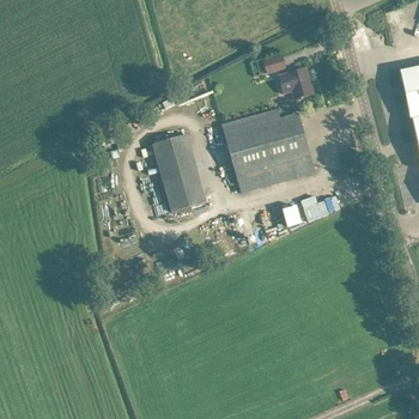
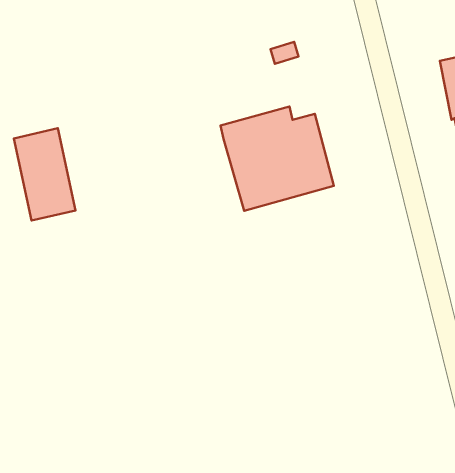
building: [278,66,314,98] -> none
building: [163,130,213,206] -> [14,128,75,221]

